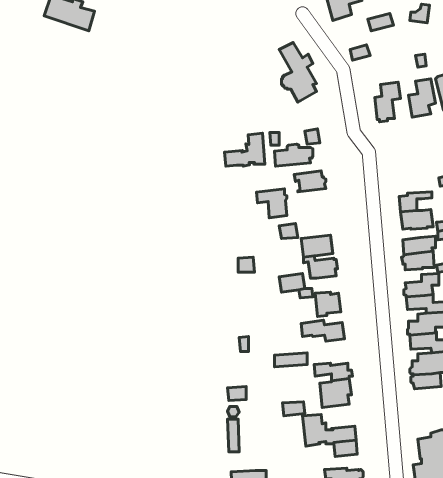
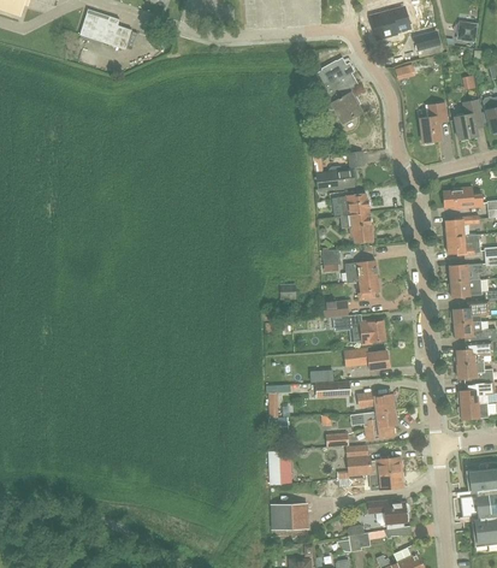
building: [224,133,265,166] -> none
building: none -> [443,187,483,209]
building: [256,189,287,218] -> [341,212,372,242]

